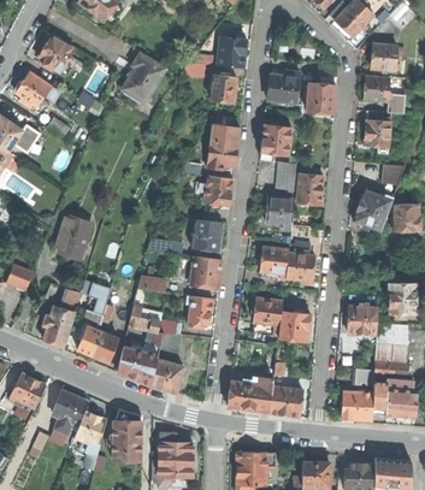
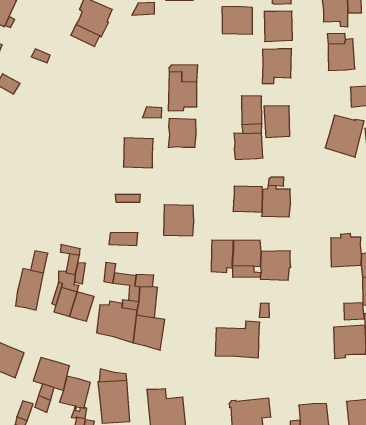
building: [211,75,237,104] -> none
building: [259,125,290,159] -> [262,49,292,83]
building: [55,216,90,259] -> none
building: [191,220,223,252] -> [123,138,153,168]
building: [188,297,212,330] -> [211,240,233,273]
building: [268,385,302,417] -> none

